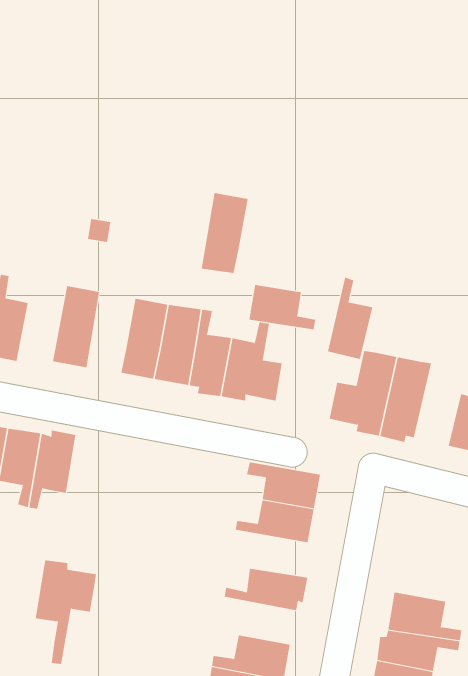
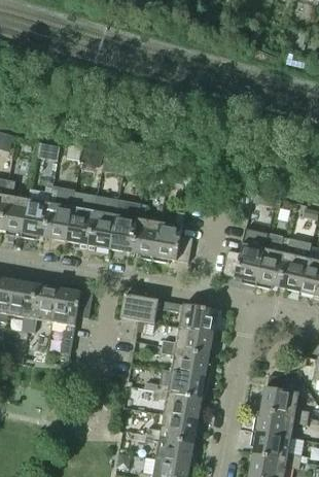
building: [201,193,249,274] -> [66,192,97,244]
building: [327,277,373,359] -> [278,238,308,292]
building: none -> [21,186,52,239]
building: [249,284,316,330] -> none
building: none -> [120,294,171,323]
building: none -> [161,346,212,377]
building: [35,560,97,665] -> [52,284,93,352]
building: none -> [152,389,202,420]

